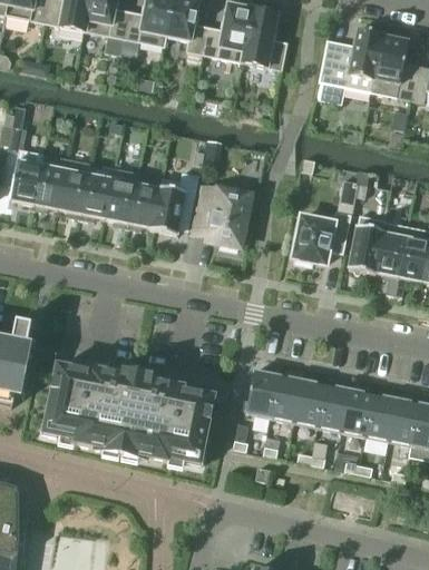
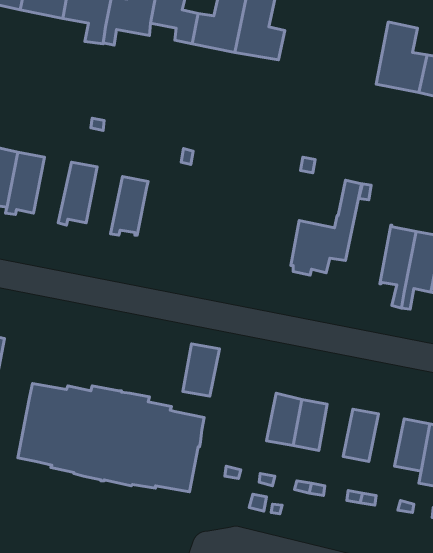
building: [319,28,383,102] -> none
building: [58,157,92,217] -> none
building: [106,166,139,227] -> none
building: [153,184,186,234] -> none
building: [196,184,251,249] -> none
building: [349,214,384,273] -> none
building: [246,368,280,416] -> [183,344,220,396]
building: [319,383,350,431] -> none
building: [364,392,397,440] -> none

